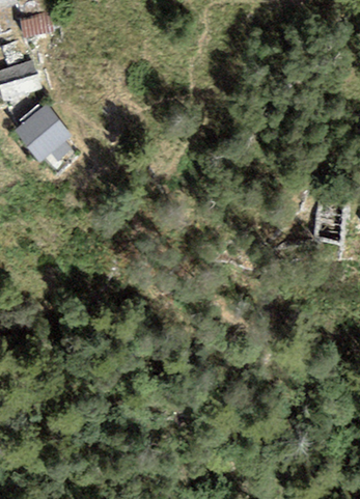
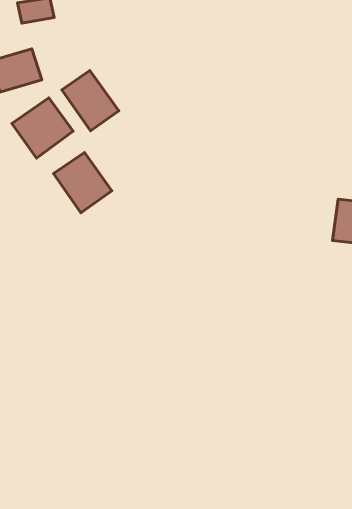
building: none -> [62,71,119,131]
building: none -> [54,153,112,213]

